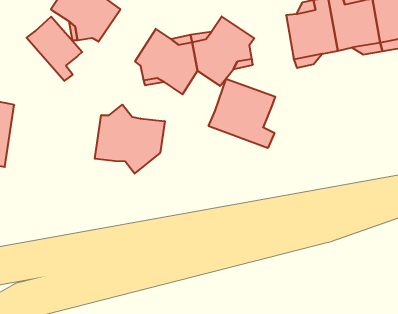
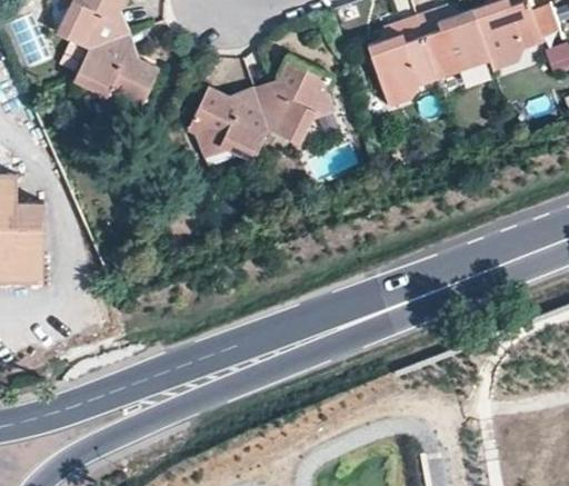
building: [27,17,82,81] -> none
building: [209,79,275,148] -> none
building: [95,105,165,174] -> none

